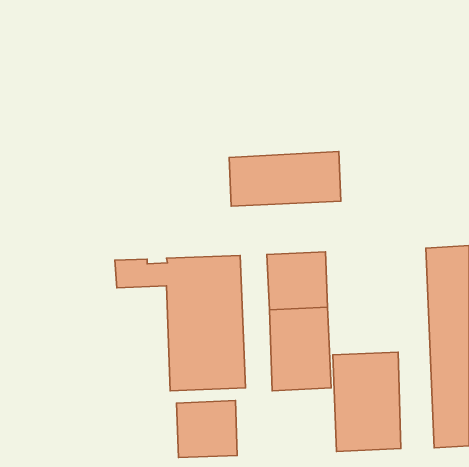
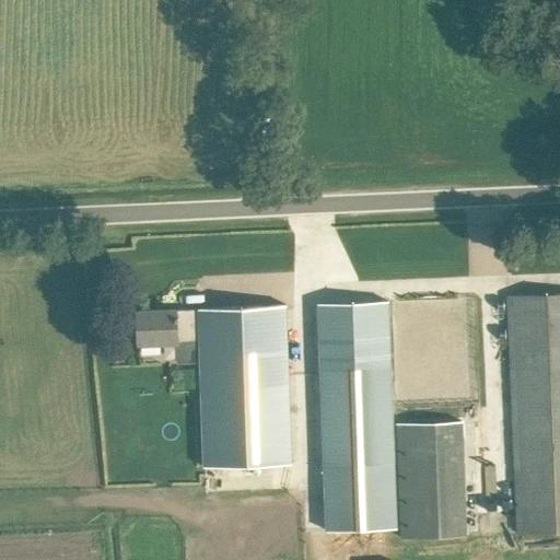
building: [229,152,341,206] -> none
building: [177,400,237,457] -> [324,465,396,533]

